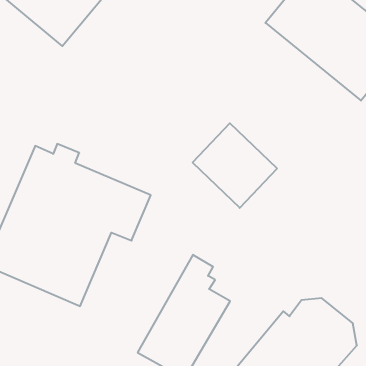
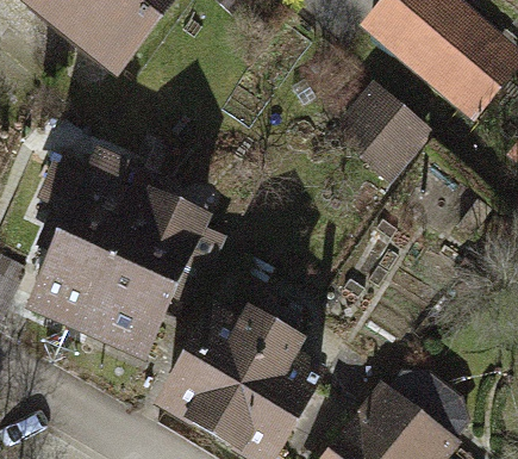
building: [193,123,277,208] -> [335,82,435,182]
building: none -> [152,297,274,421]

